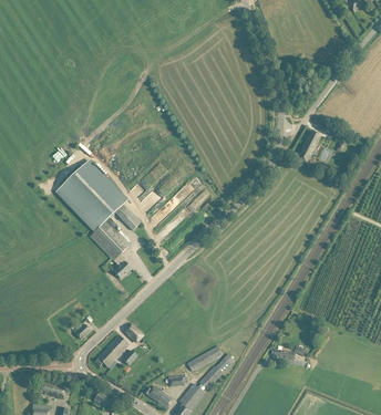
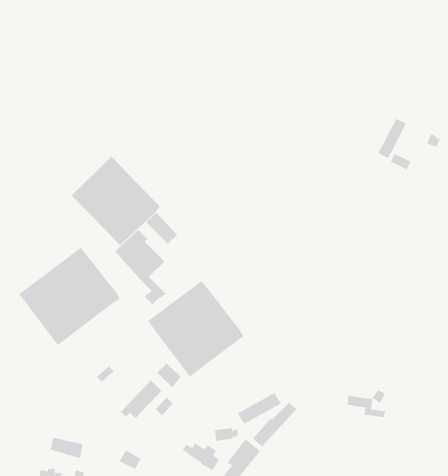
building: none -> [18,247,120,346]
building: none -> [147,280,244,377]

